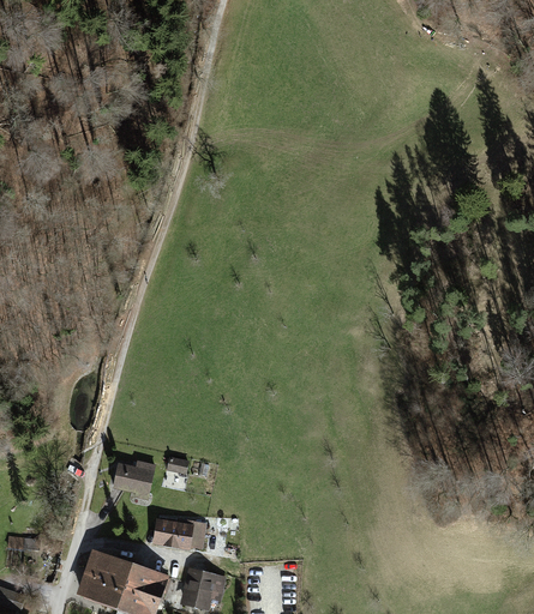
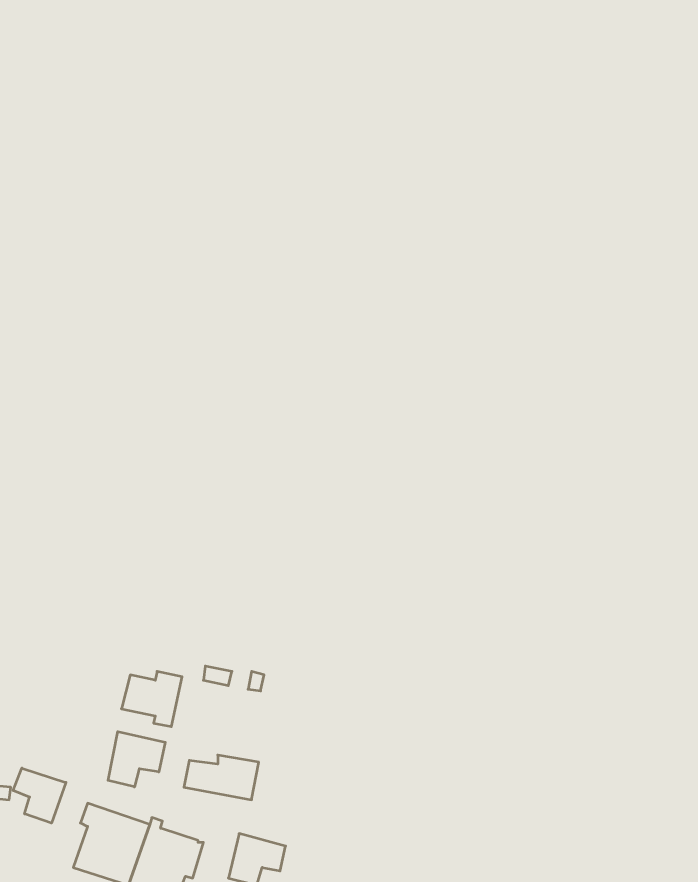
building: none -> [108,732,165,787]
building: none -> [13,768,66,823]

